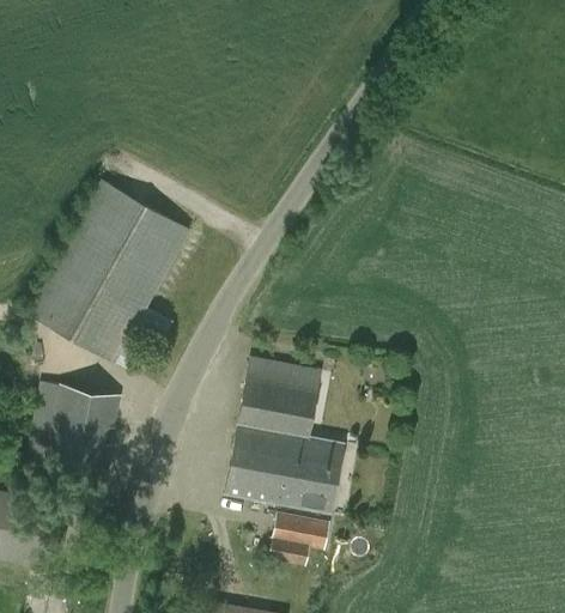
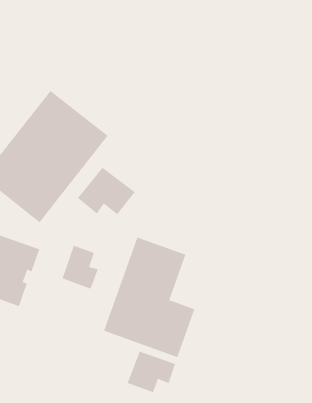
building: none -> [77,167,135,215]
building: none -> [62,245,99,289]

